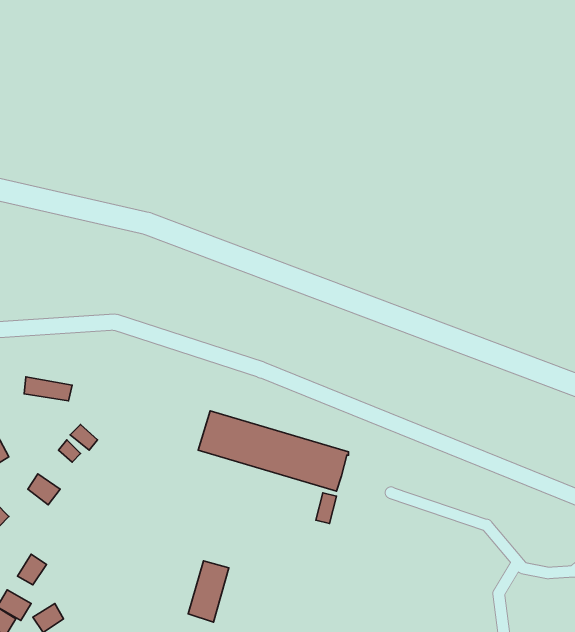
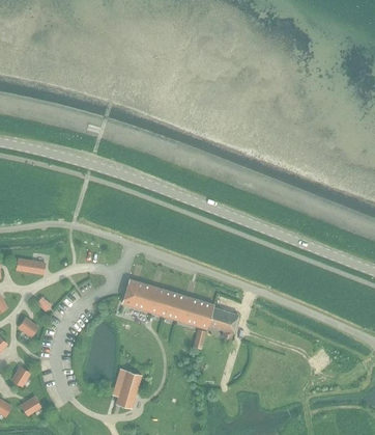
building: none -> [206,305,238,339]

